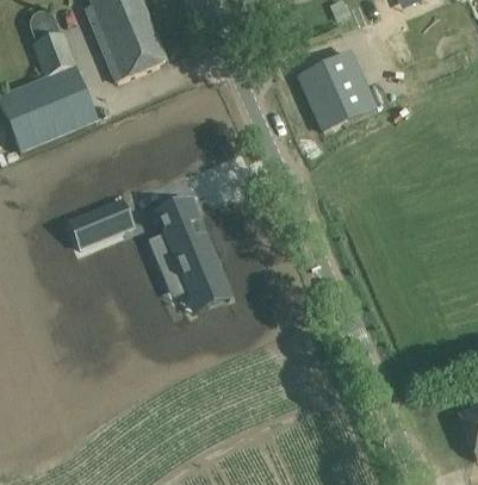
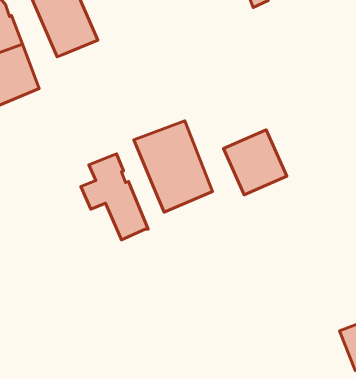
building: [299,51,375,130] -> [224,130,287,195]
building: none -> [134,121,212,212]
building: [70,199,135,245] -> none

